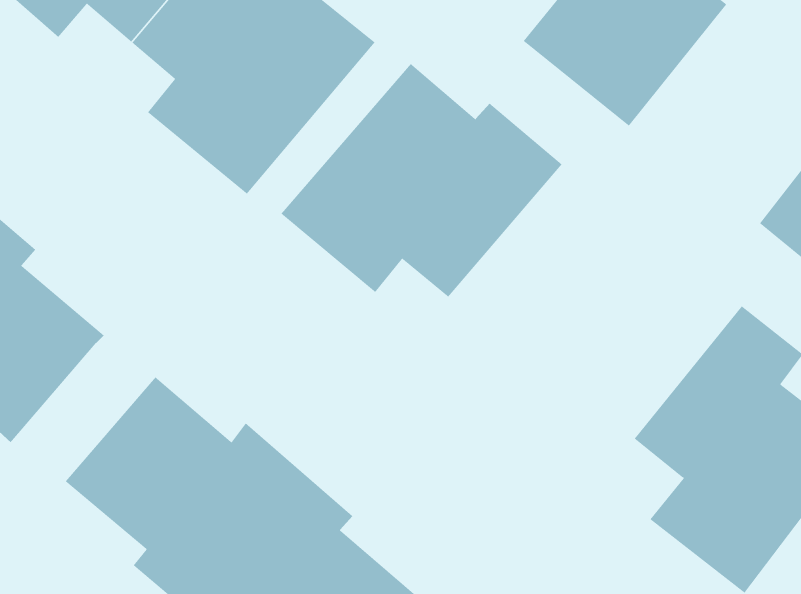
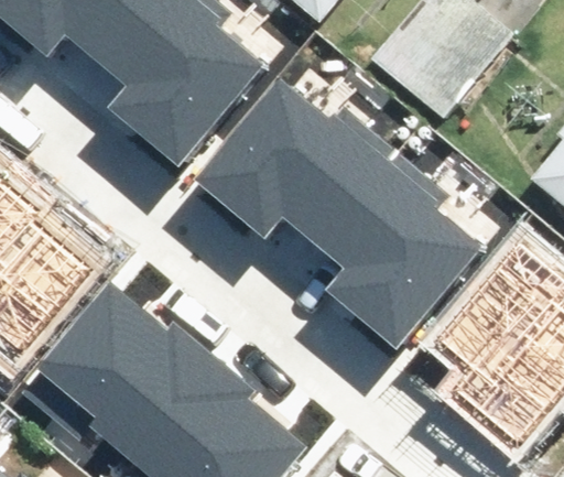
building: none -> [315,148,484,347]

